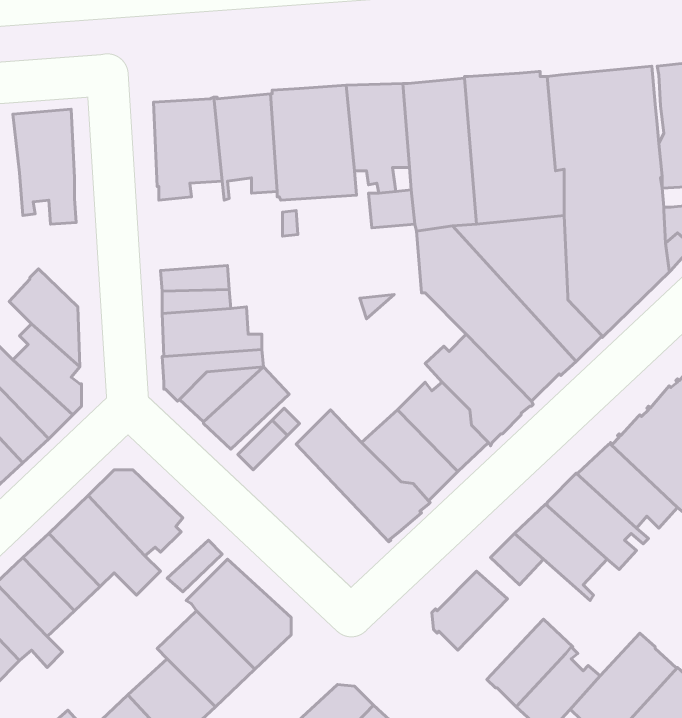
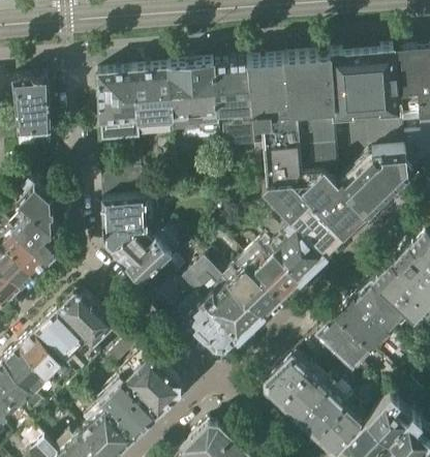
building: none -> [177,279,239,349]
building: none -> [280,368,328,421]

